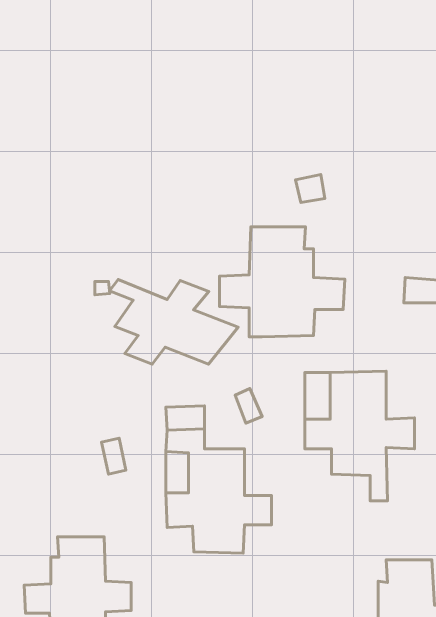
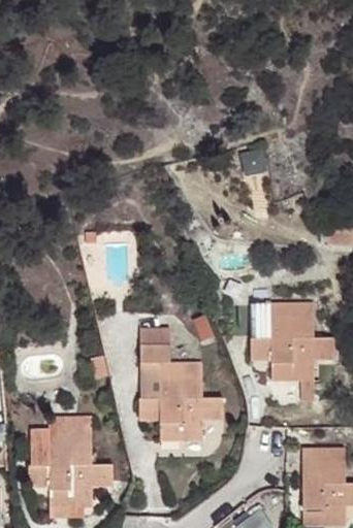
building: [219,227,345,337] -> none
building: [109,279,238,364] -> none
building: none -> [29,418,92,466]

